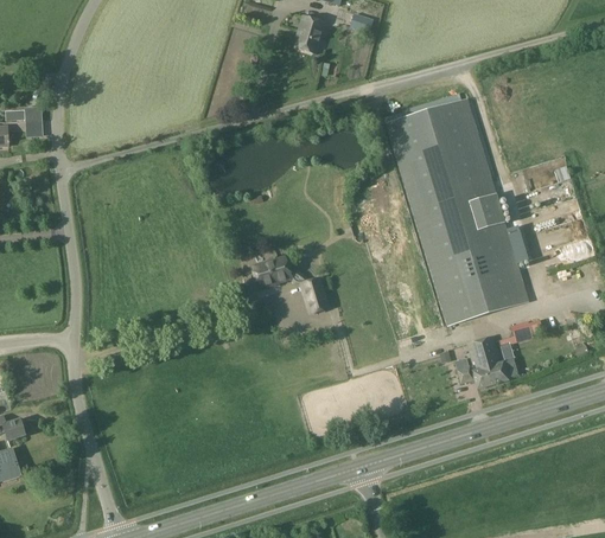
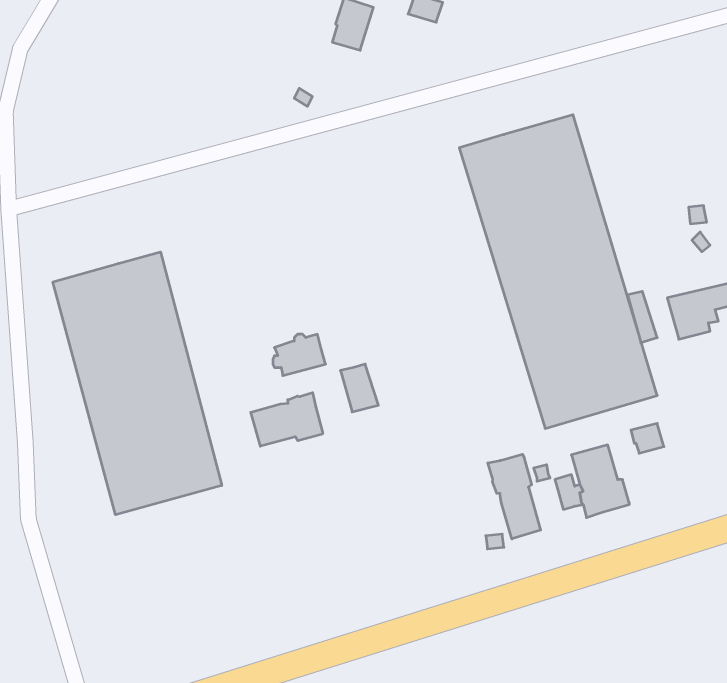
building: none -> [53,252,222,515]
building: none -> [251,393,323,446]
building: none -> [488,454,541,539]

